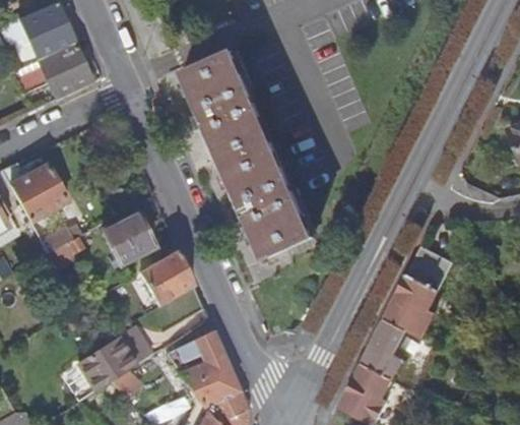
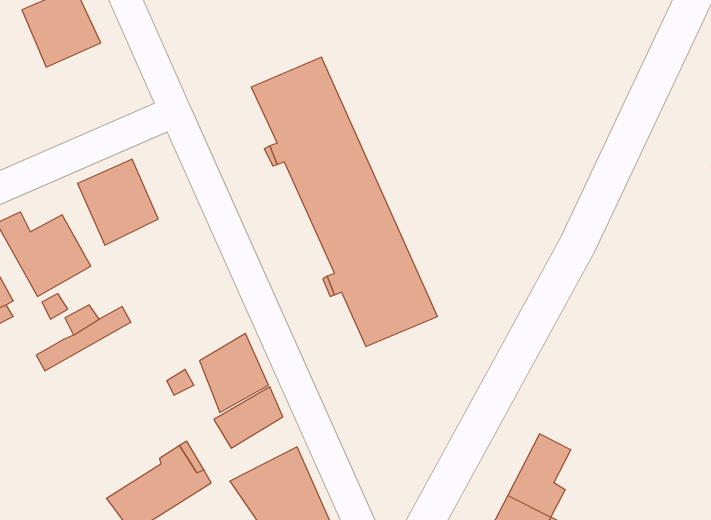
building: [34,42,90,103] -> [78,159,158,245]
building: [100,209,151,263] -> none
building: [383,246,451,338] -> none

